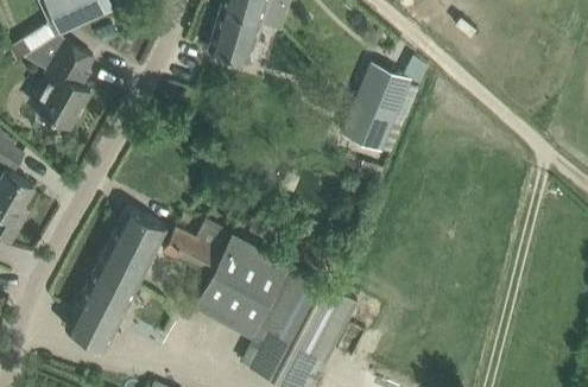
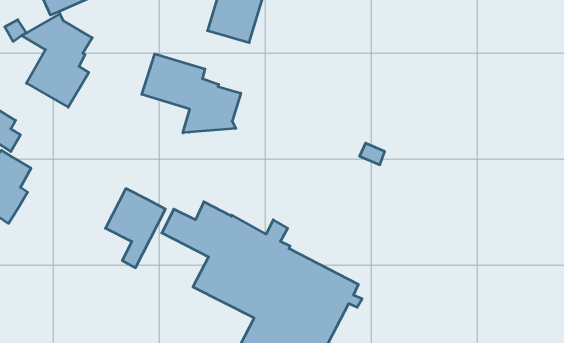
building: [343,63,413,152] -> none
building: none -> [142,54,241,133]
building: [65,247,137,349] -> none

